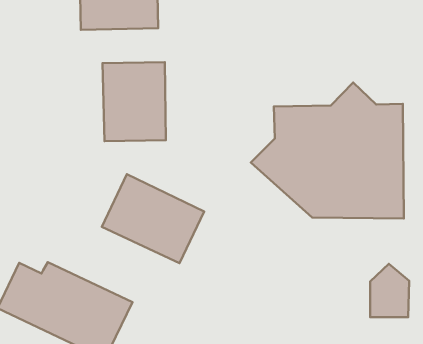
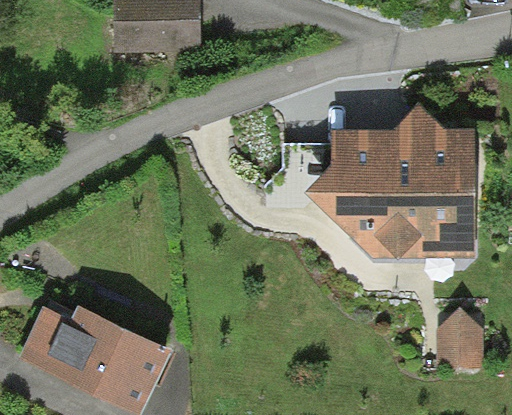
building: [102,62,166,141] -> none
building: [102,174,204,263] -> none

